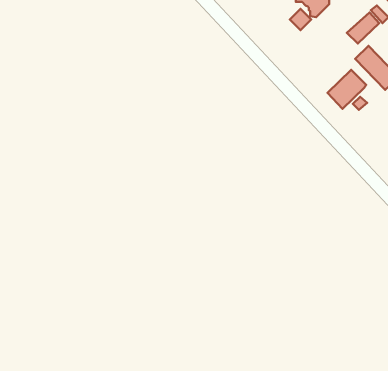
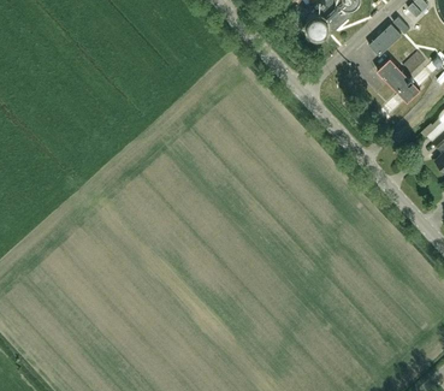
building: [327,70,366,109] -> none

